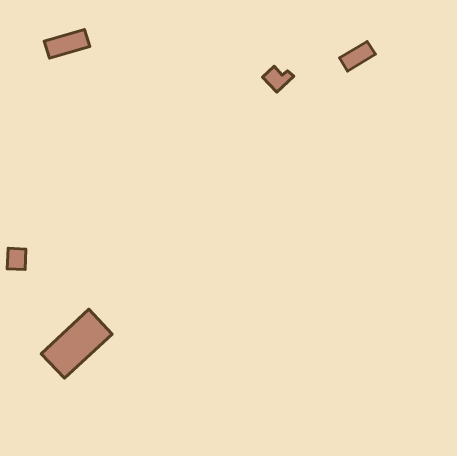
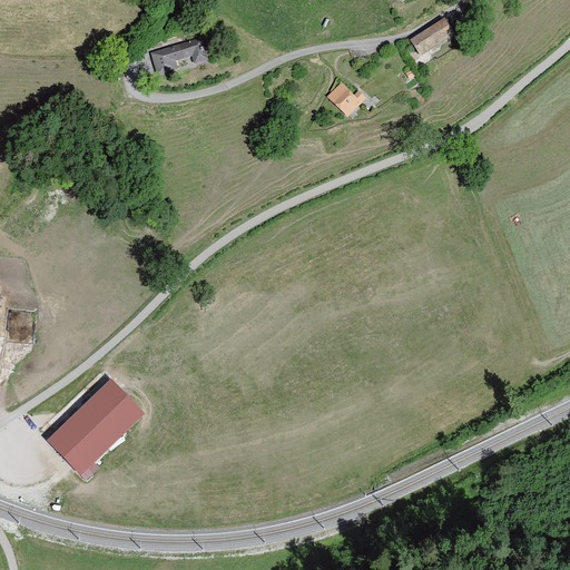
building: [44,30,90,58] -> [150,37,207,72]
building: [340,42,375,71] -> [409,18,453,55]

